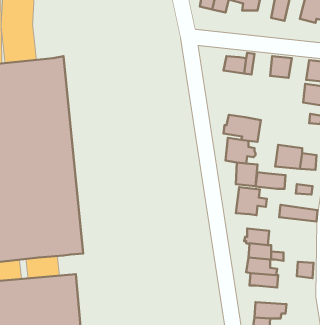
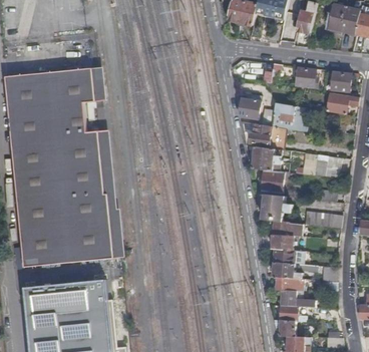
building: none -> [239,97,260,120]
building: none -> [271,102,295,128]
building: [256,172,285,189] -> [273,220,302,236]
building: none -> [281,289,315,307]

